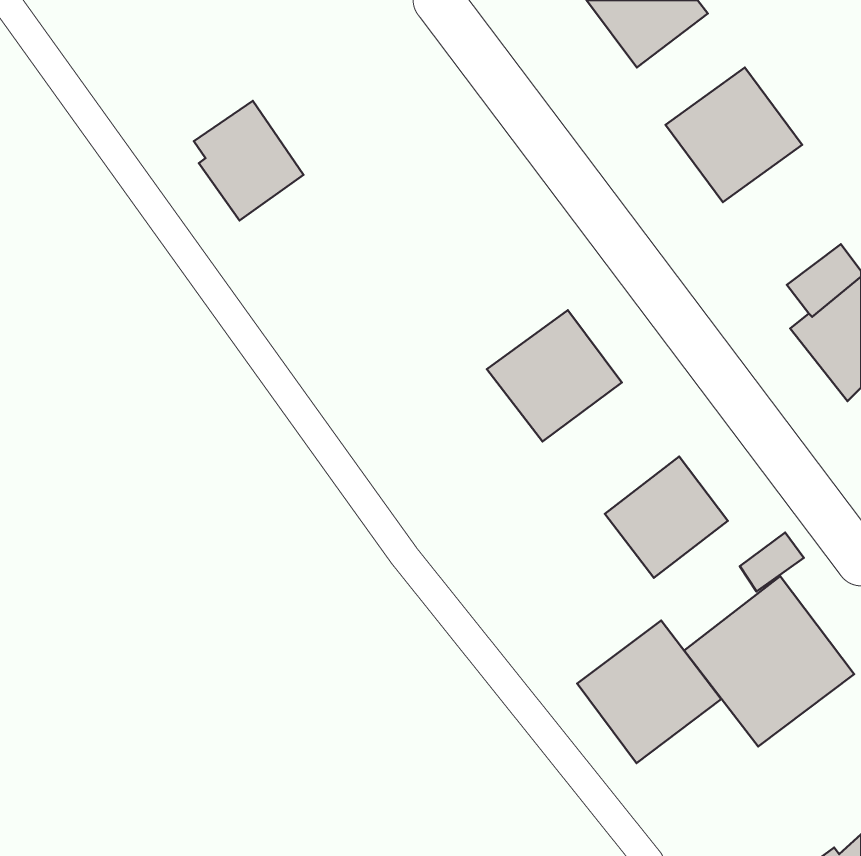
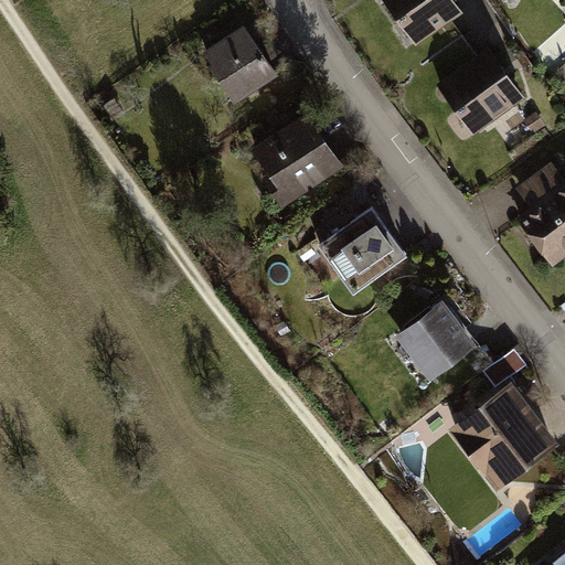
building: [194,101,303,220] -> [204,25,276,104]
building: none -> [253,114,342,206]
building: [577,621,721,763] -> none

